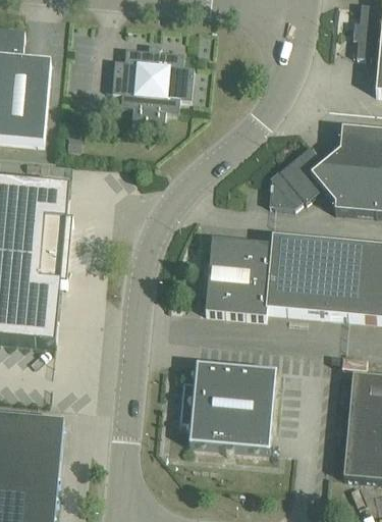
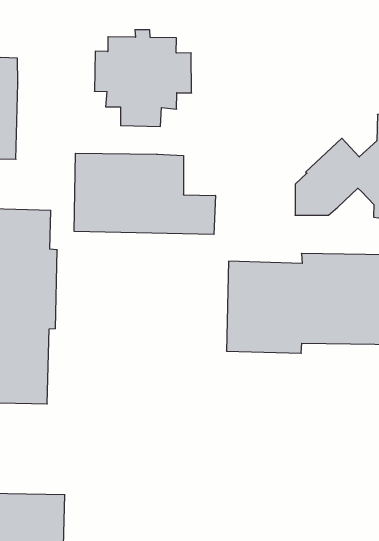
building: none -> [74,153,215,234]
building: [179,360,277,448] -> none

